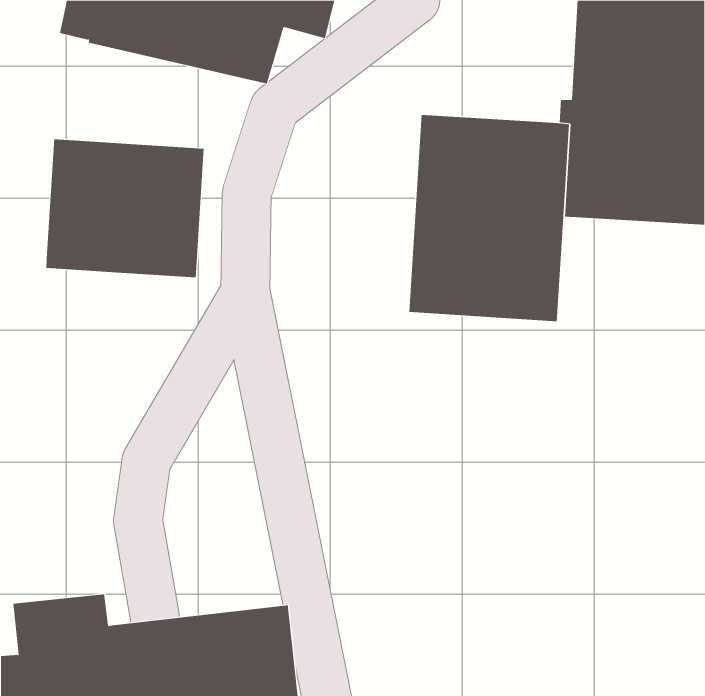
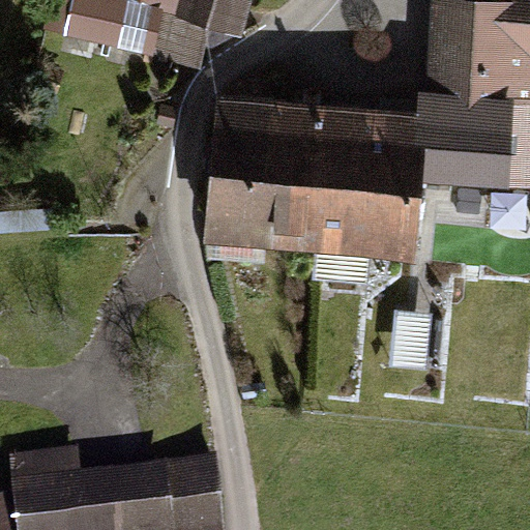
building: none -> [206,87,316,241]
building: [46,139,204,278] -> none

